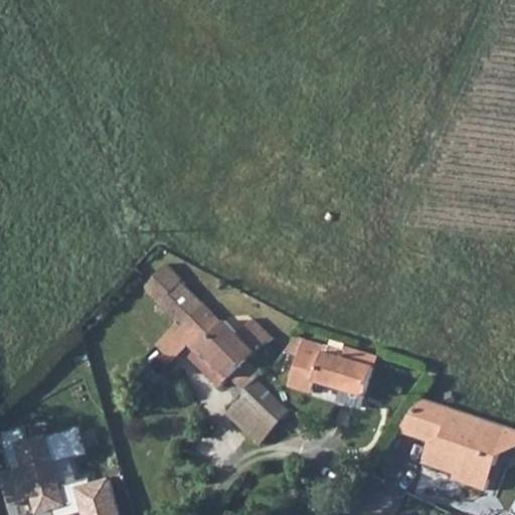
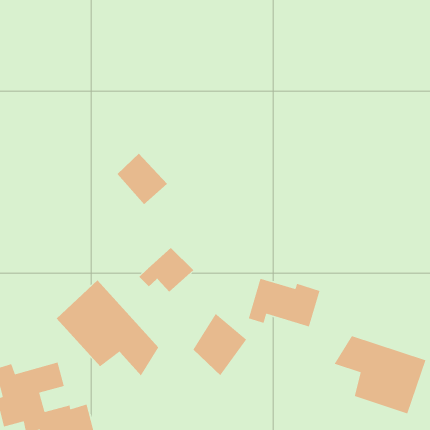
building: [141,263,201,324] -> [117,153,168,205]
building: [199,308,277,397] -> none
building: none -> [56,280,159,376]

